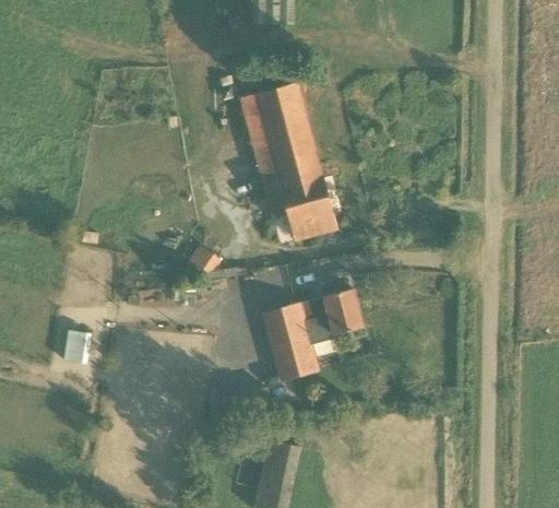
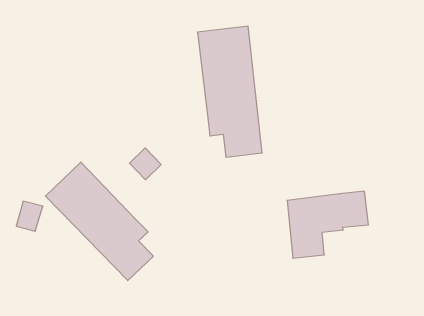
building: none -> [45,162,153,281]
building: [264,287,364,379] -> [287,191,368,258]

